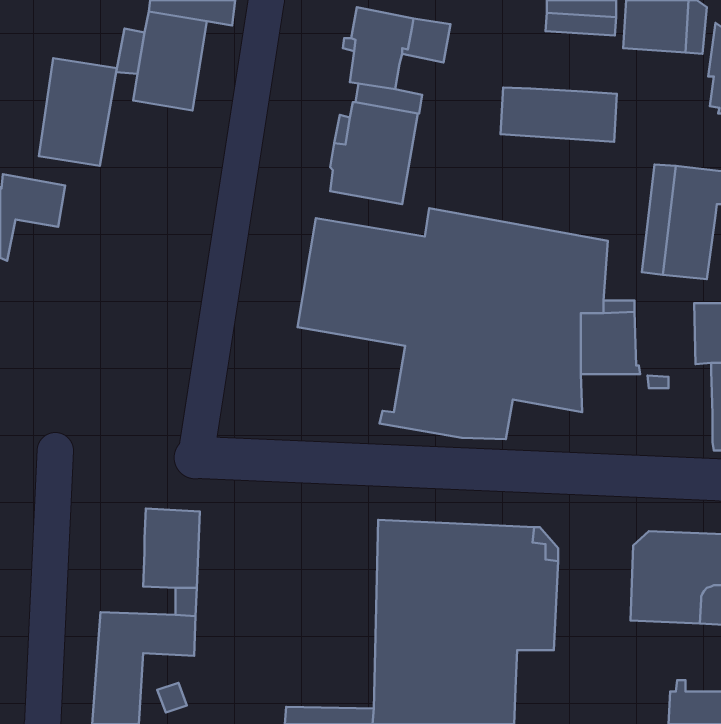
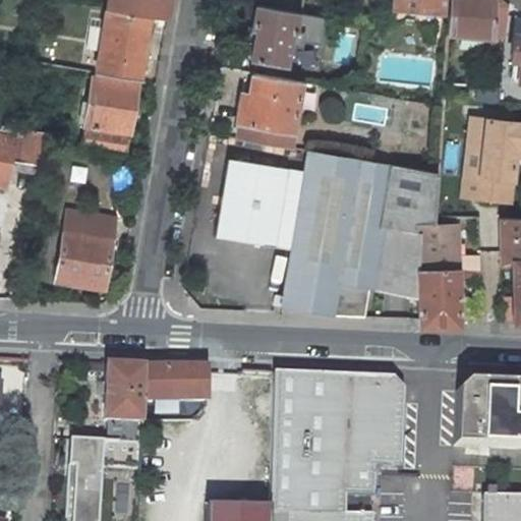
building: [39,58,117,166] -> [83,77,139,155]
building: [501,88,617,142] -> none
building: none -> [57,214,117,288]
building: none -> [419,269,461,327]
building: none -> [144,367,209,402]

